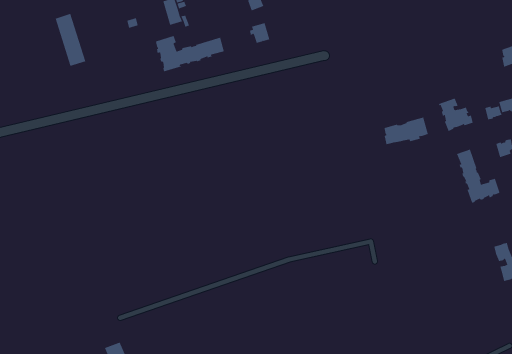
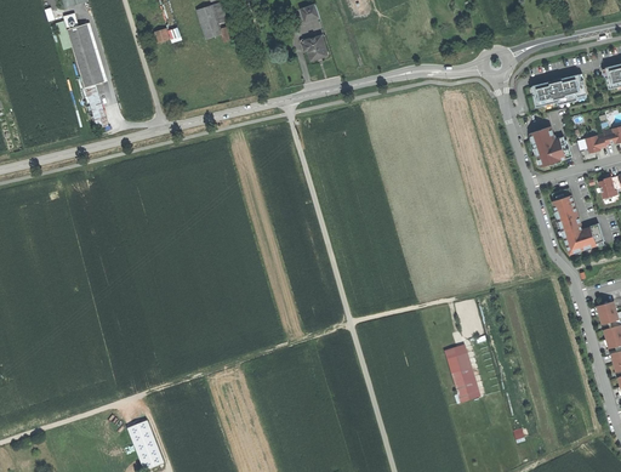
building: [155,35,225,72] -> none
building: [384,117,429,145] -> [534,73,588,107]
building: none -> [445,345,480,402]

